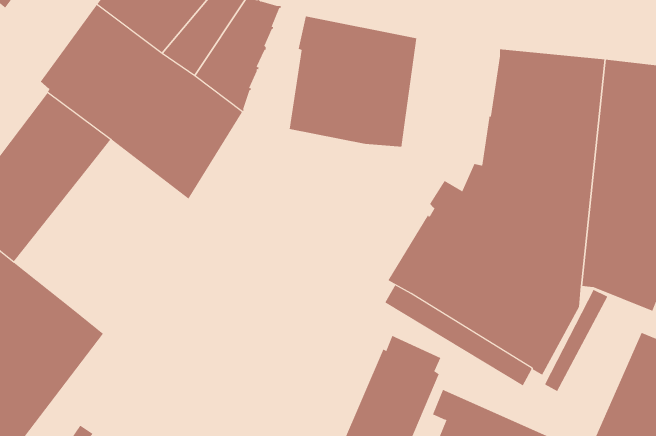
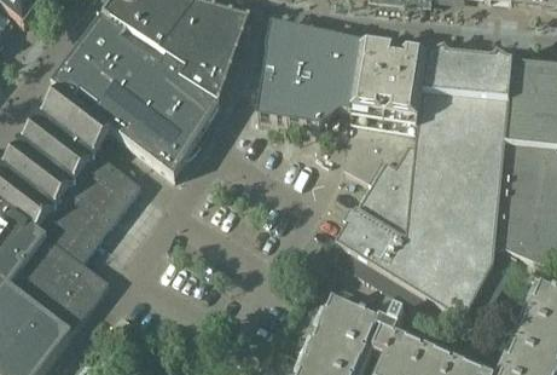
building: none -> [344,40,427,174]
building: none -> [34,145,141,259]

